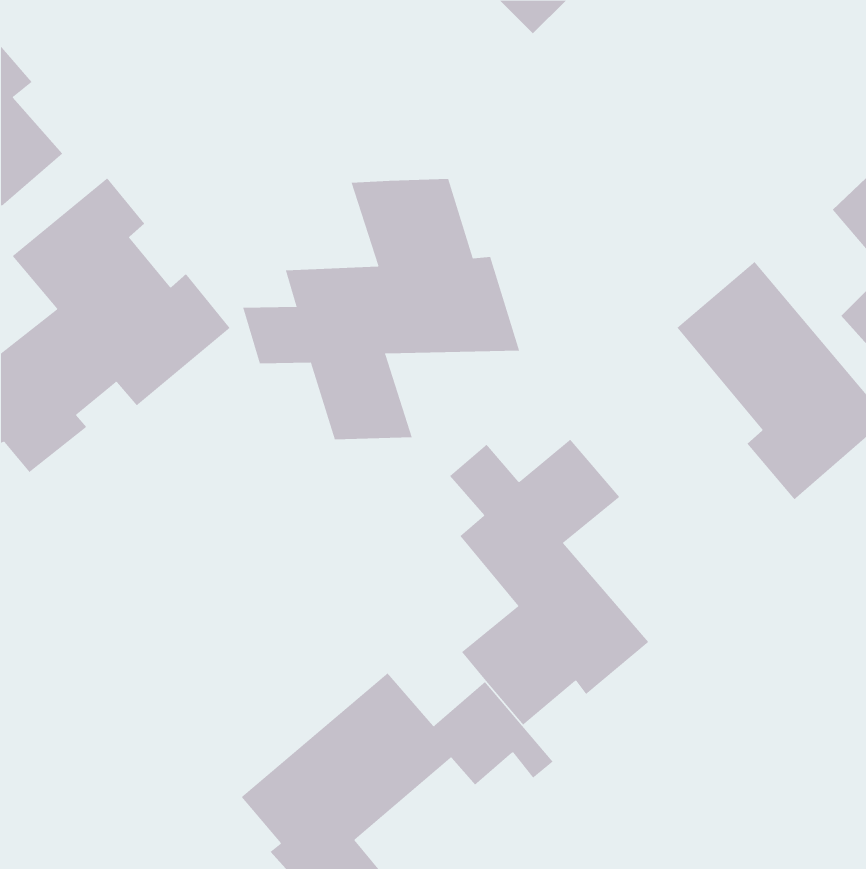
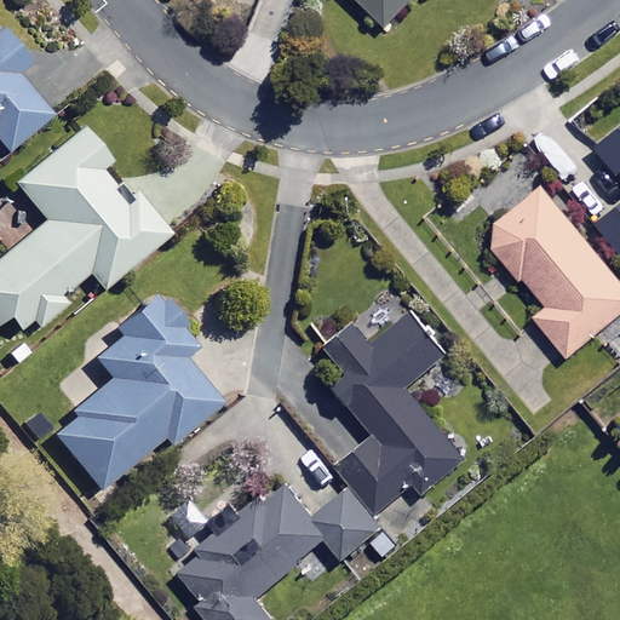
building: [242,178,520,440] -> none
building: none -> [50,291,220,490]

